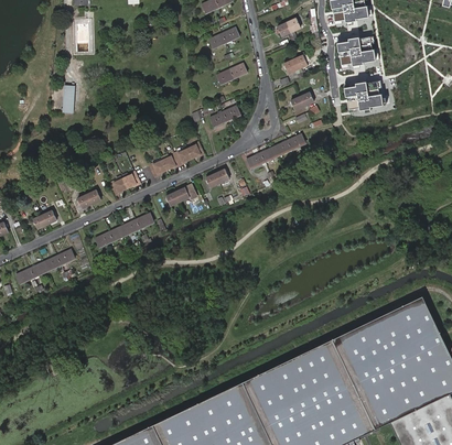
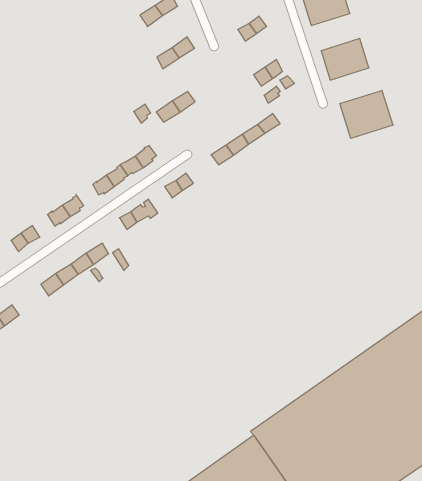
building: none -> [340,90,393,138]

